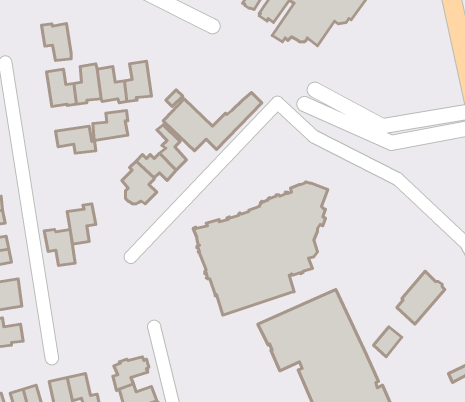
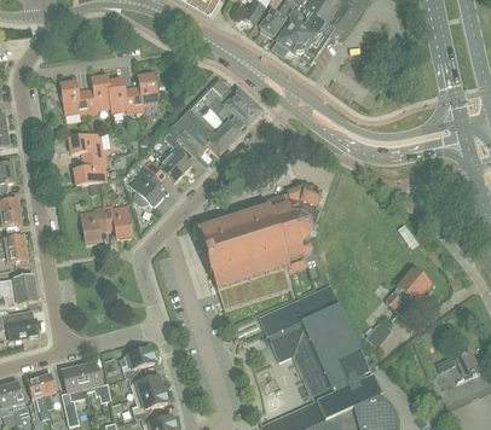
building: [42,24,71,61] -> none
building: none -> [189,77,252,133]
building: [93,111,128,140] -> [75,156,108,184]
building: [44,229,75,266] -> [103,204,132,238]

